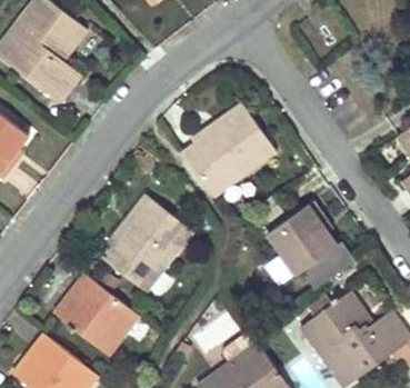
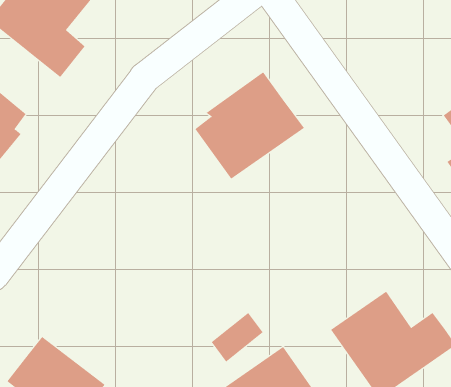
building: [103,195,193,291] -> none
building: [267,200,354,290] -> none
building: [54,272,140,355] -> none

